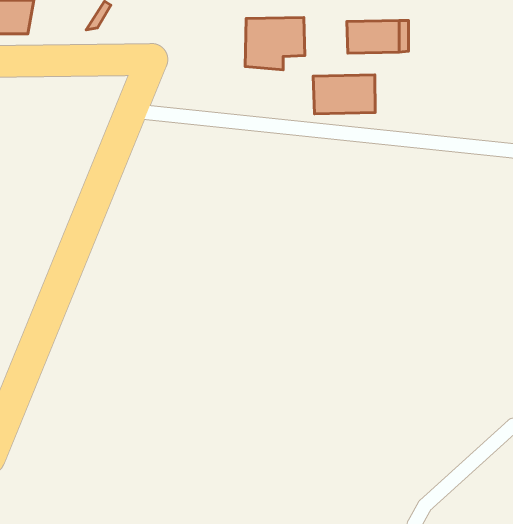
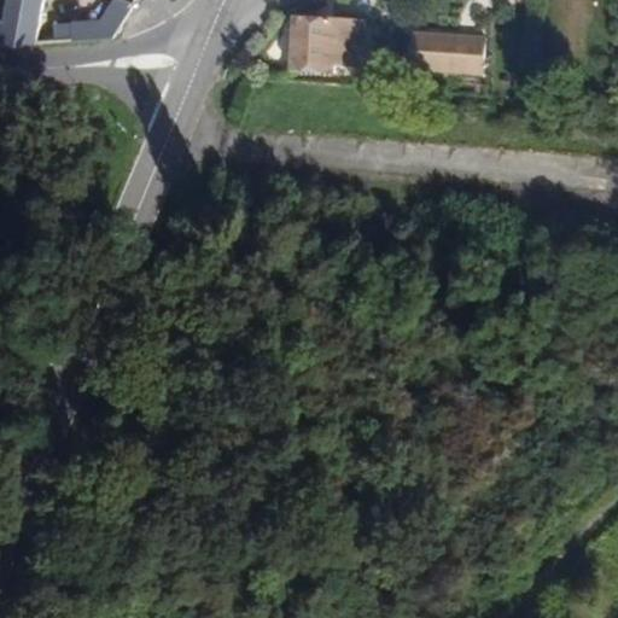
building: [313,75,375,114] -> none

